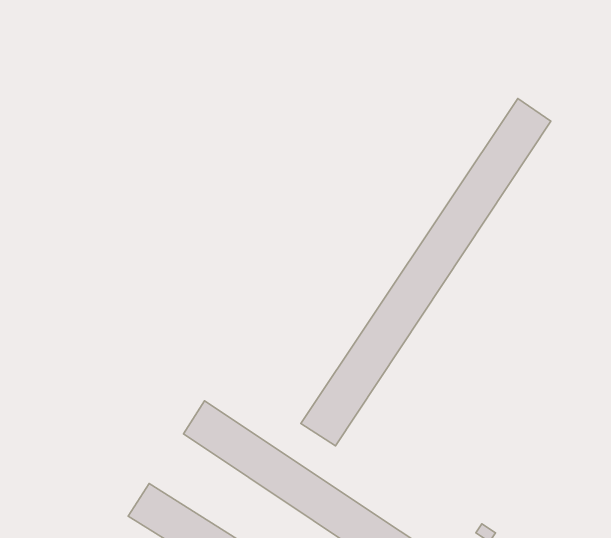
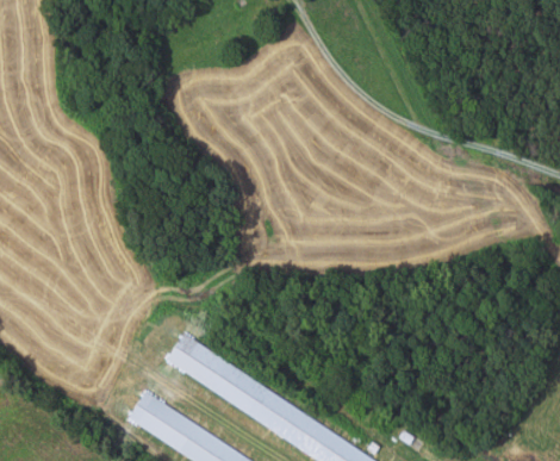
building: [301,98,551,446] -> none

